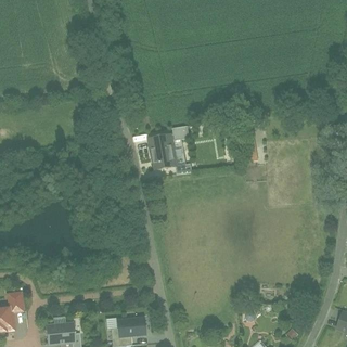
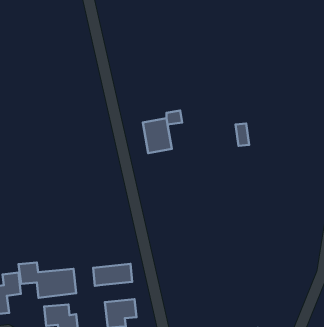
building: none -> [18,262,76,298]
building: none -> [93,264,132,286]

